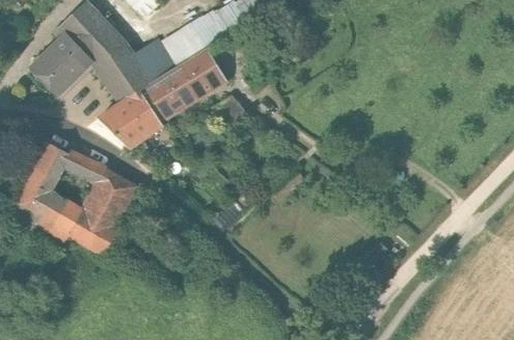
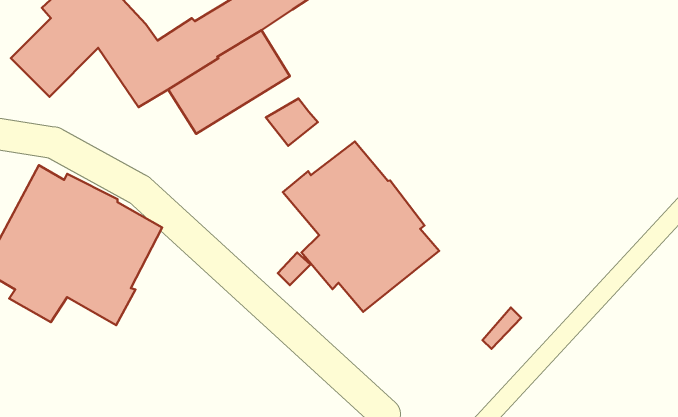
building: [98,89,163,148] -> none
building: none -> [283,142,439,312]

